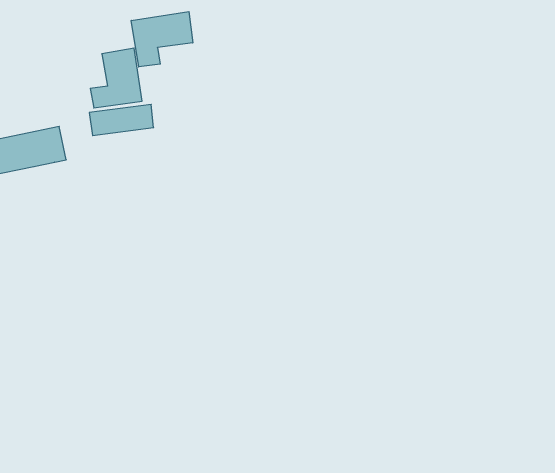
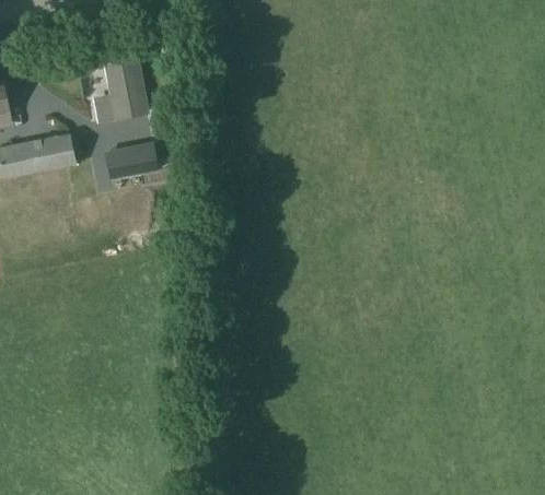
building: [131,12,193,67] -> none
building: none -> [107,140,158,169]

